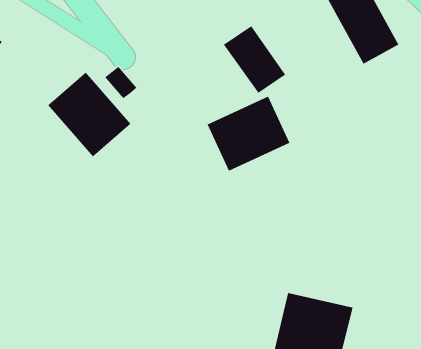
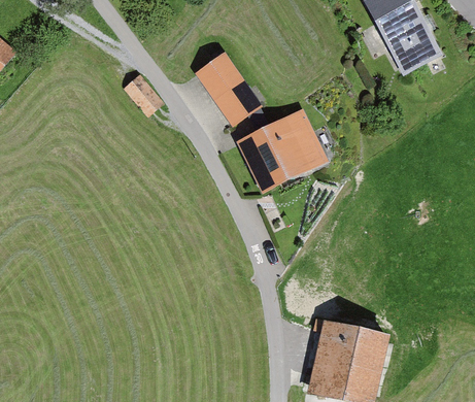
building: [223,25,286,94] -> [194,52,262,126]
building: [47,71,132,158] -> none

